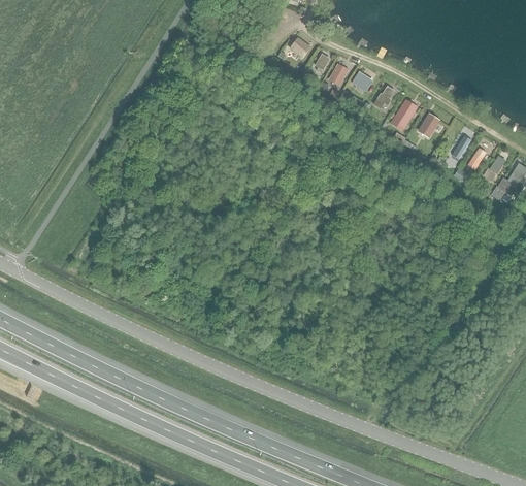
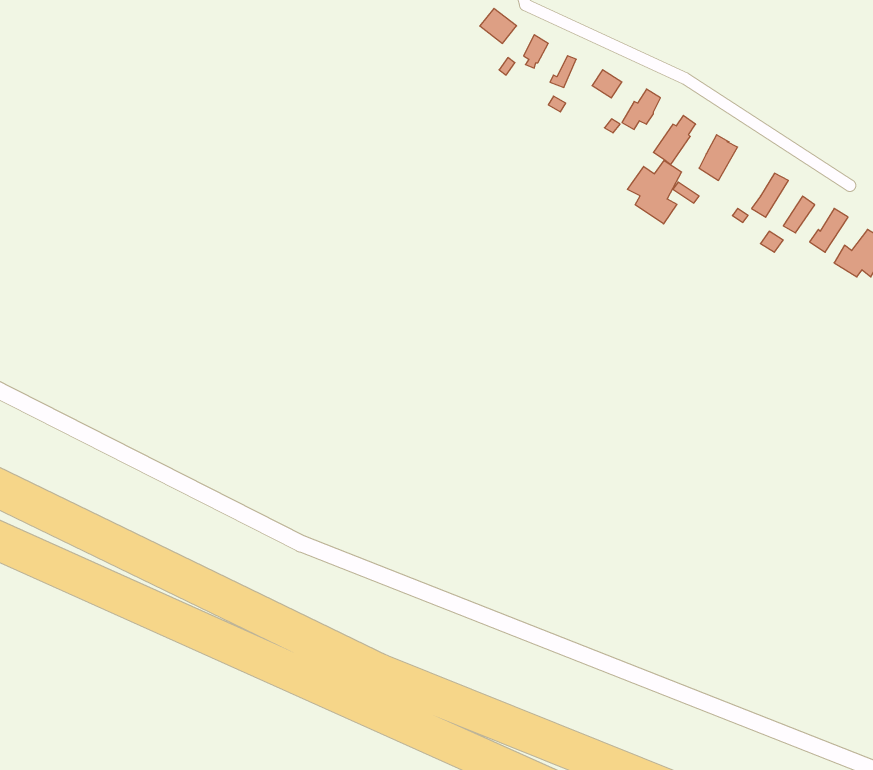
building: none -> [627,160,682,224]

